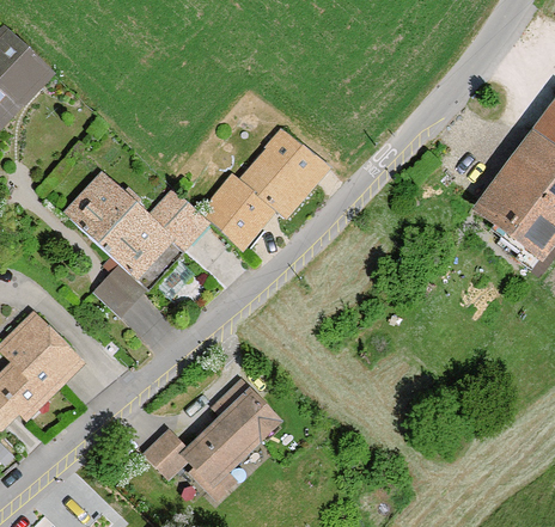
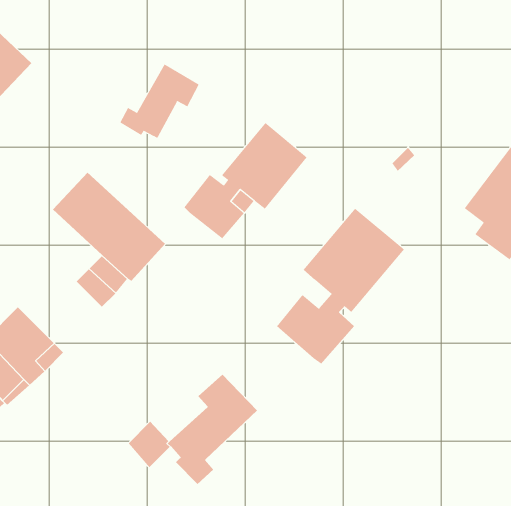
building: none -> [119,63,200,139]
building: [153,188,207,243] -> none
building: none -> [276,208,405,364]

